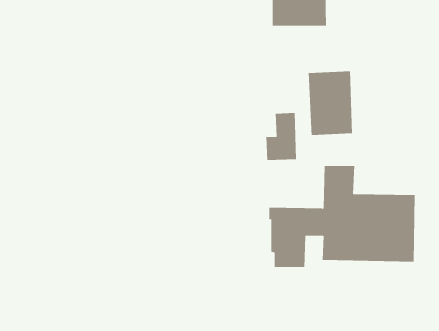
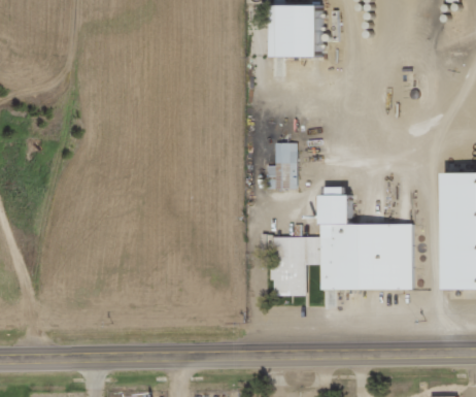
building: [308,70,353,136] -> none

